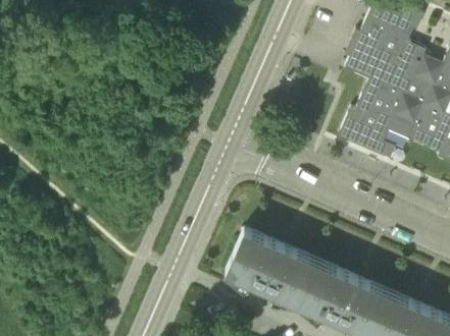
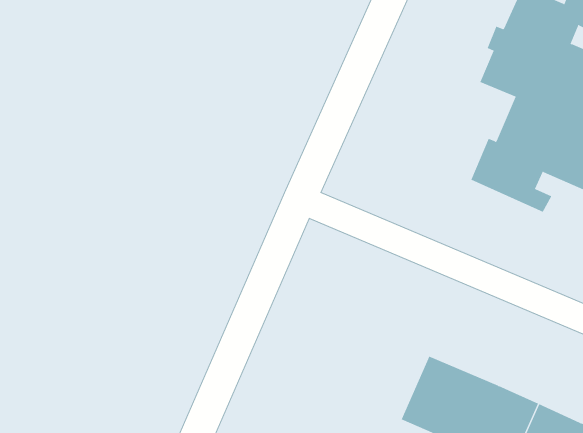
building: [226,228,311,300] -> none

